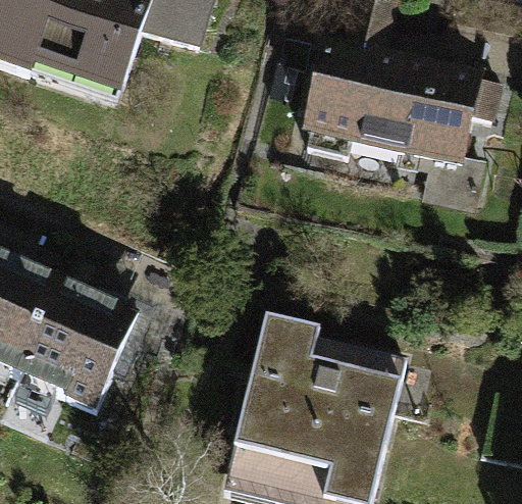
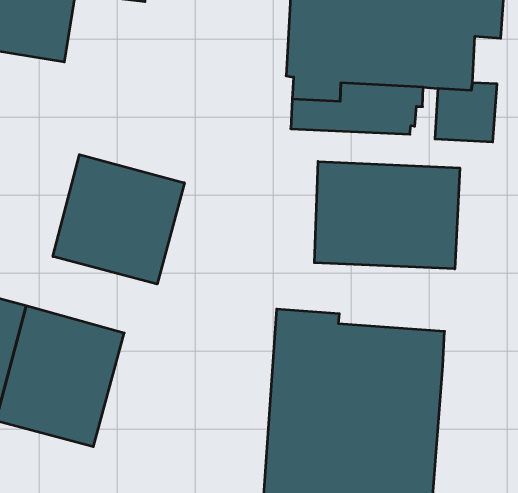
building: none -> [53,155,184,284]
building: none -> [314,161,460,269]

